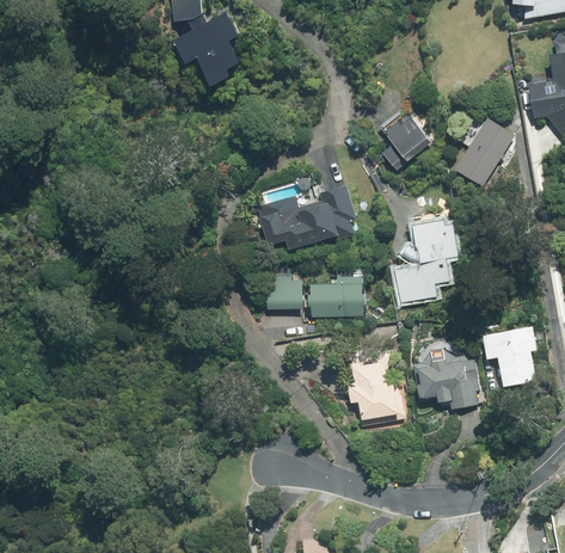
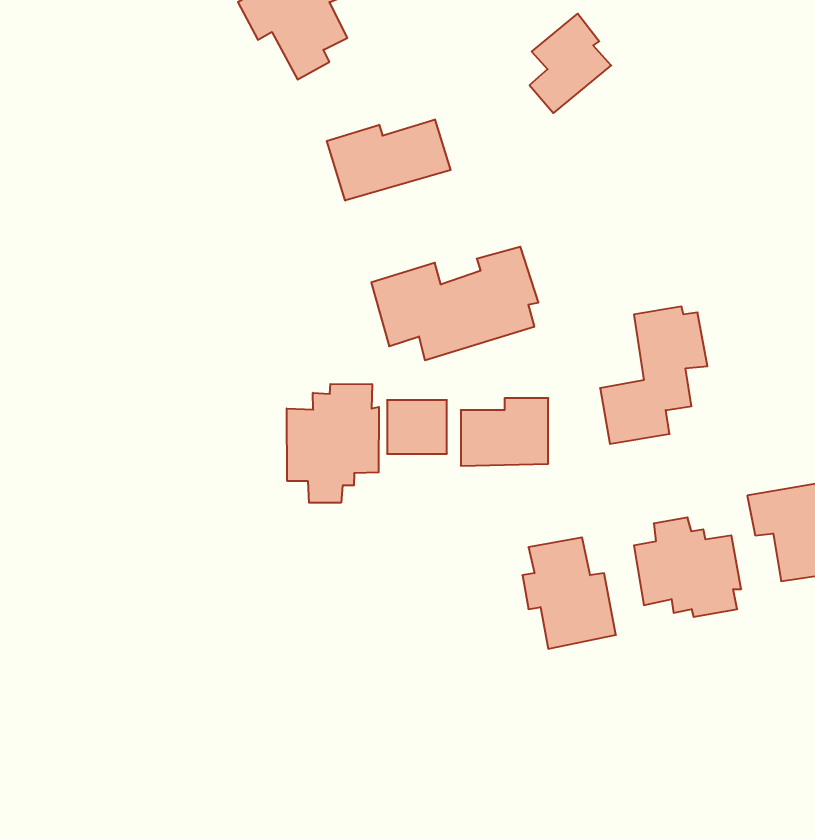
building: none -> [327,119,451,201]
building: [381,110,430,170] -> [530,14,611,113]
building: [454,118,514,186] -> none
building: none -> [287,384,379,503]

